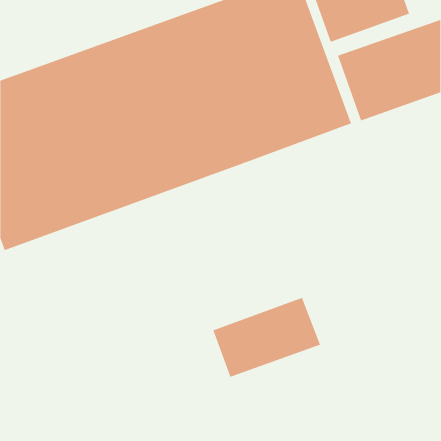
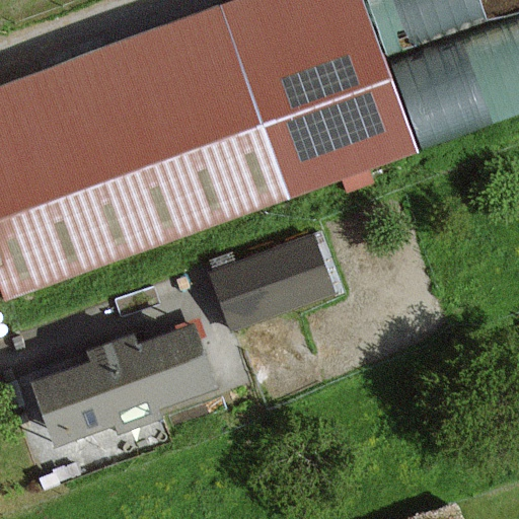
building: none -> [31,322,222,447]
building: [213,297,321,378] -> [210,234,337,328]

